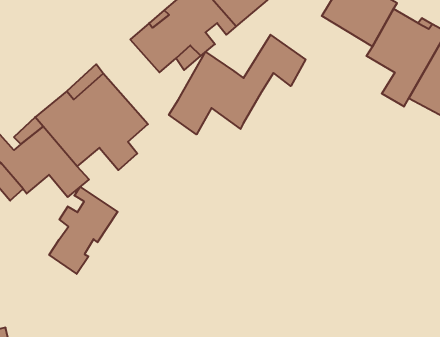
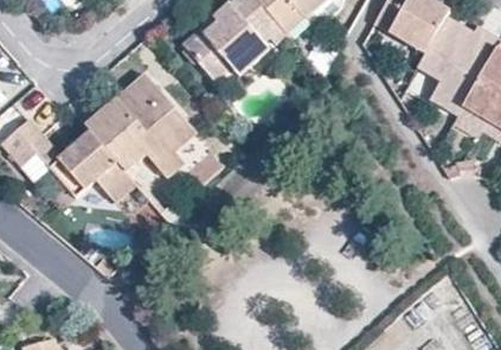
building: [169,35,306,134] -> none
building: [49,187,118,274] -> none

